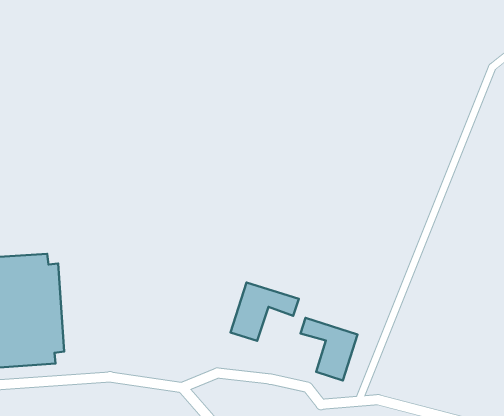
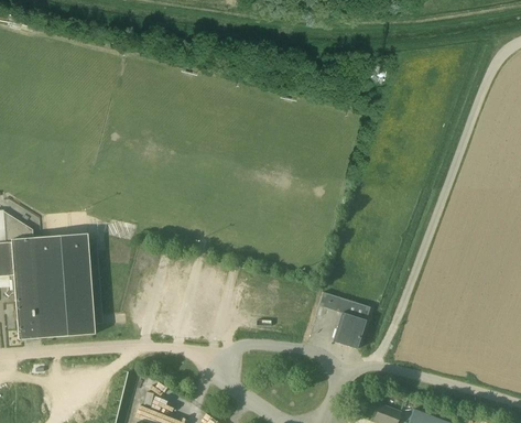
building: [231,283,299,341] -> none

